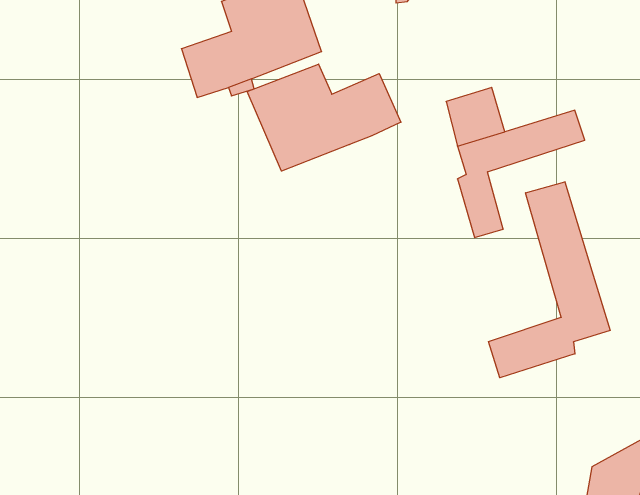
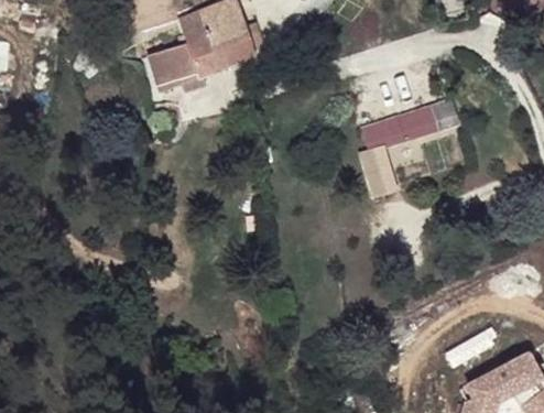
building: [247,64,401,171] -> none
building: [489,182,610,378] -> none

